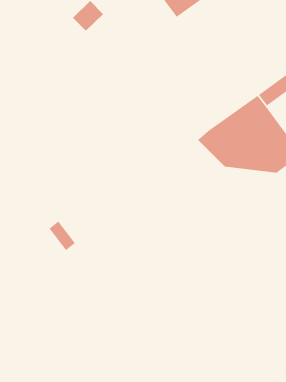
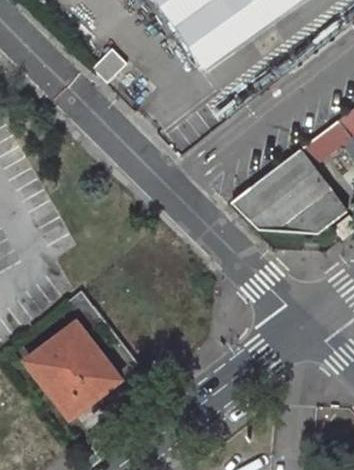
building: none -> [30,323,117,416]

